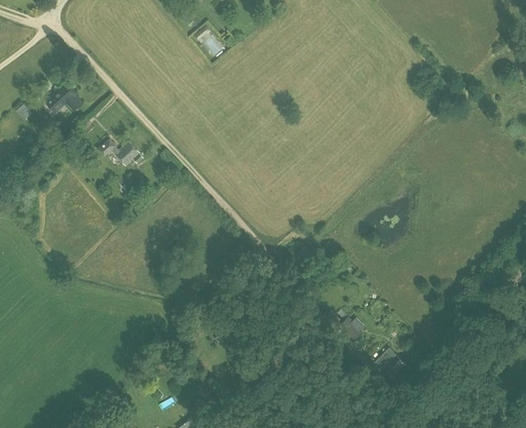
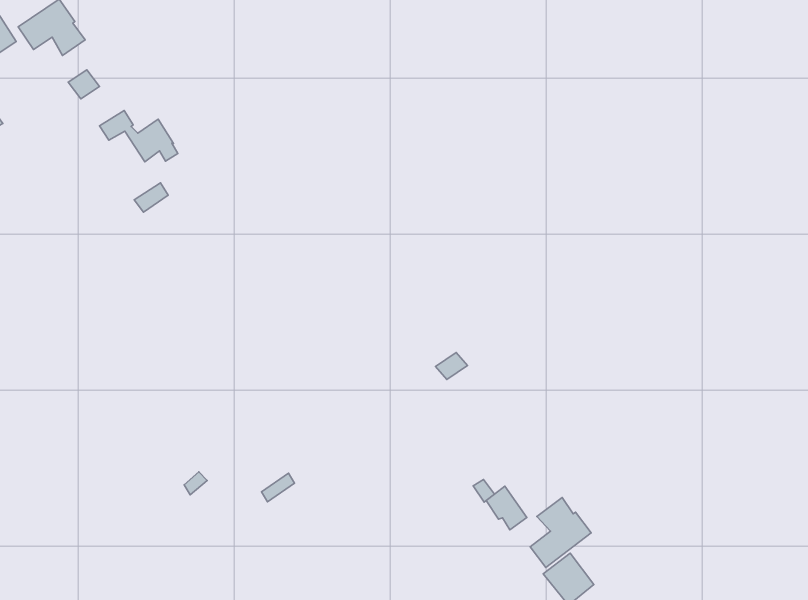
building: none -> [530,497,591,567]

